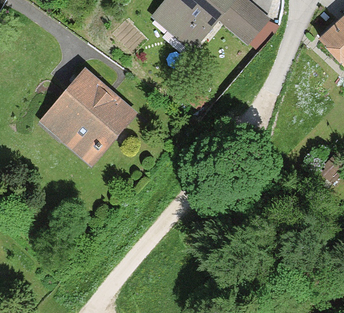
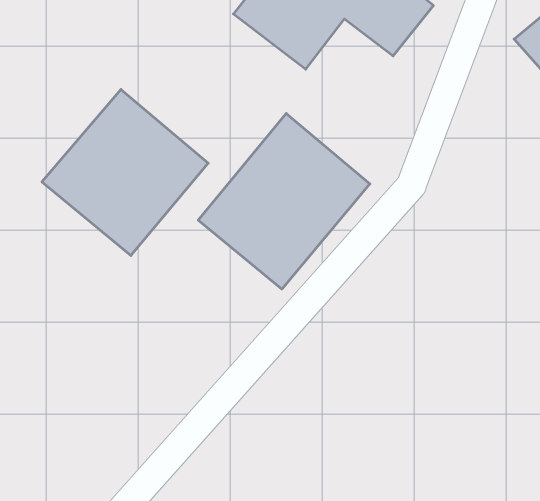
building: none -> [198,113,370,289]

